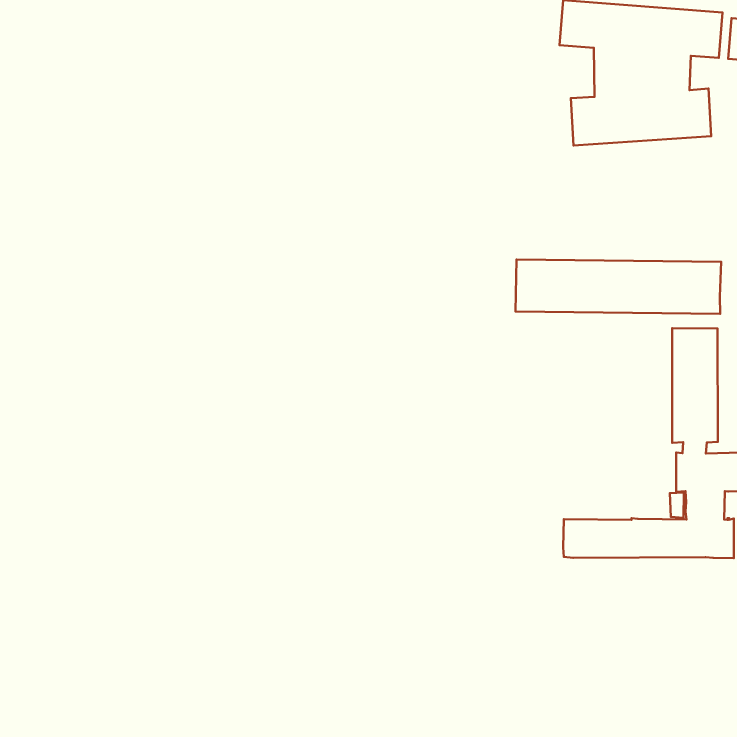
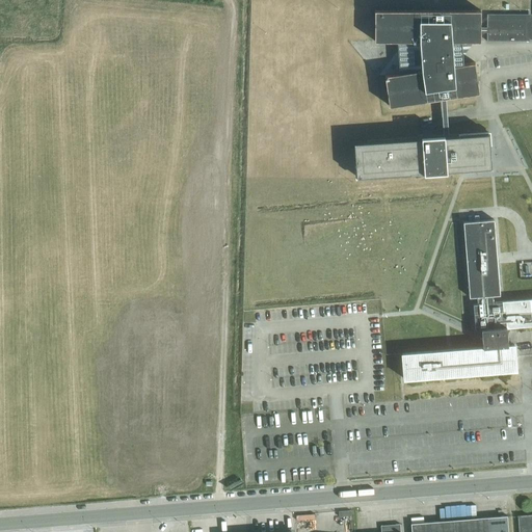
building: [516,260,721,314] -> [355,135,493,179]

